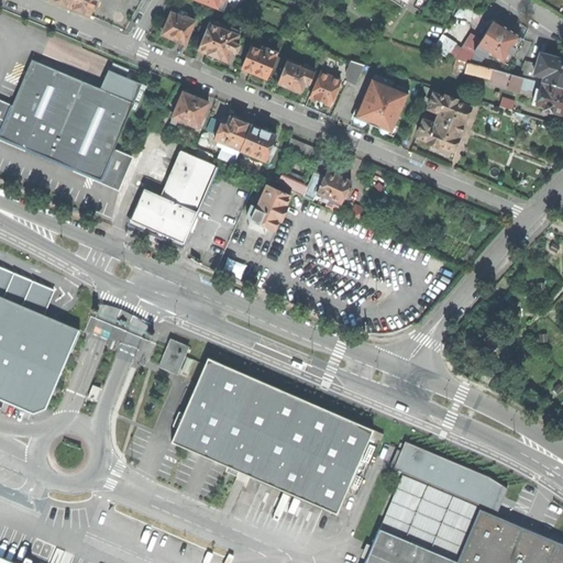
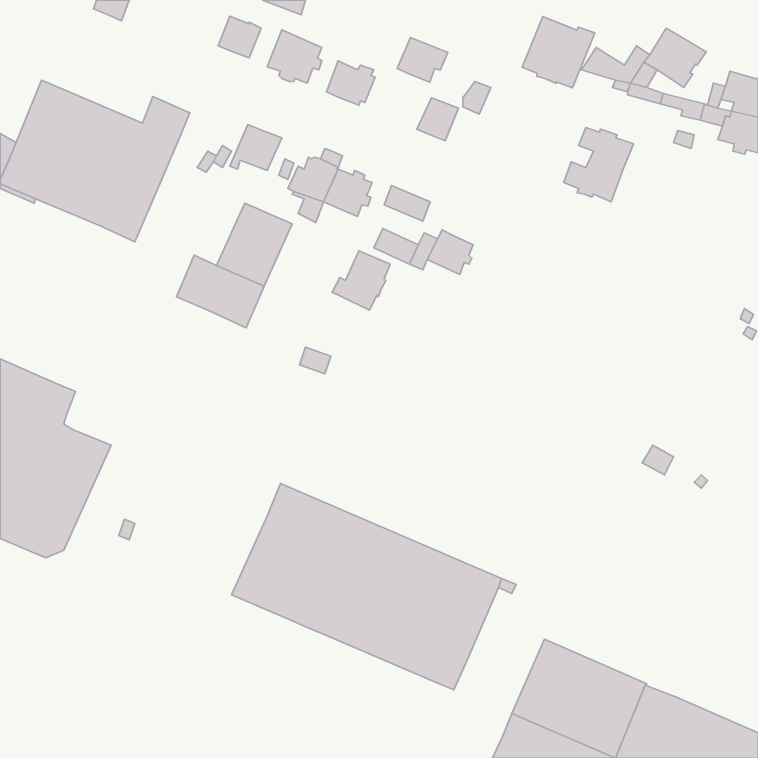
building: [277,59,314,92] -> [397,38,448,82]
building: [355,78,409,131] -> [522,17,595,88]
building: [73,148,133,190] -> none
building: [159,339,188,374] -> none
building: [395,440,508,510] -> none

